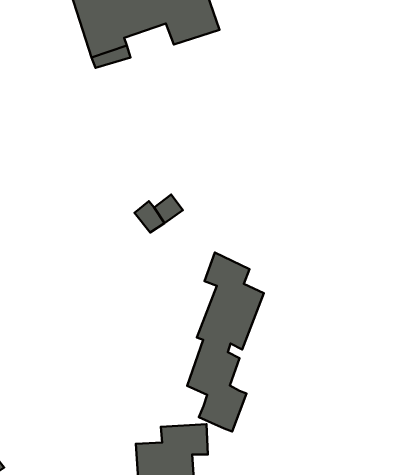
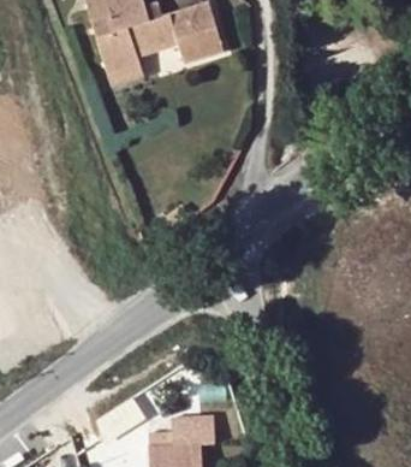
building: [187,253,264,432] -> none

